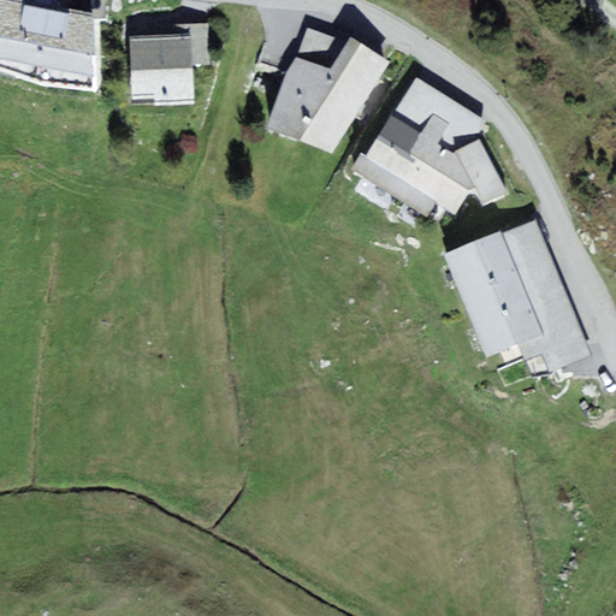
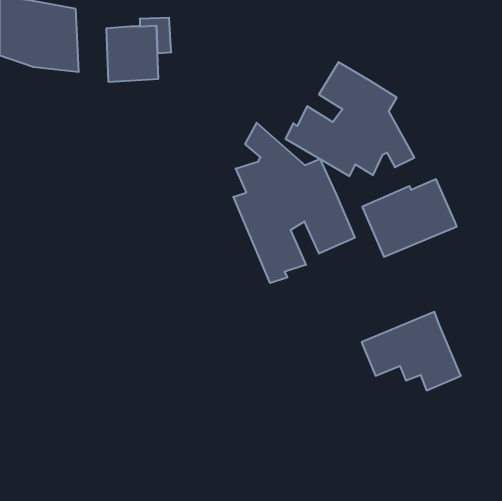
building: [263,32,389,150] -> none
building: none -> [233,123,355,283]
building: [469,277,591,373] -> [362,312,461,390]

